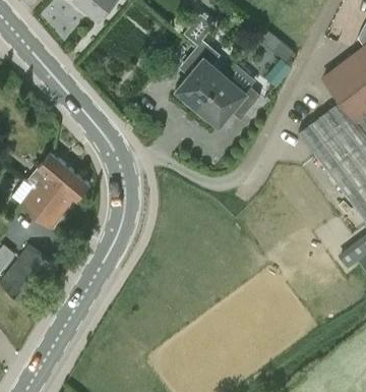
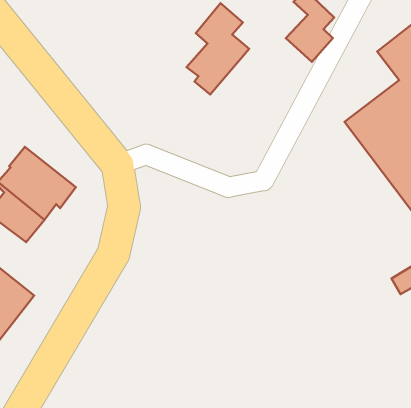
building: [194,76,260,126] -> none

